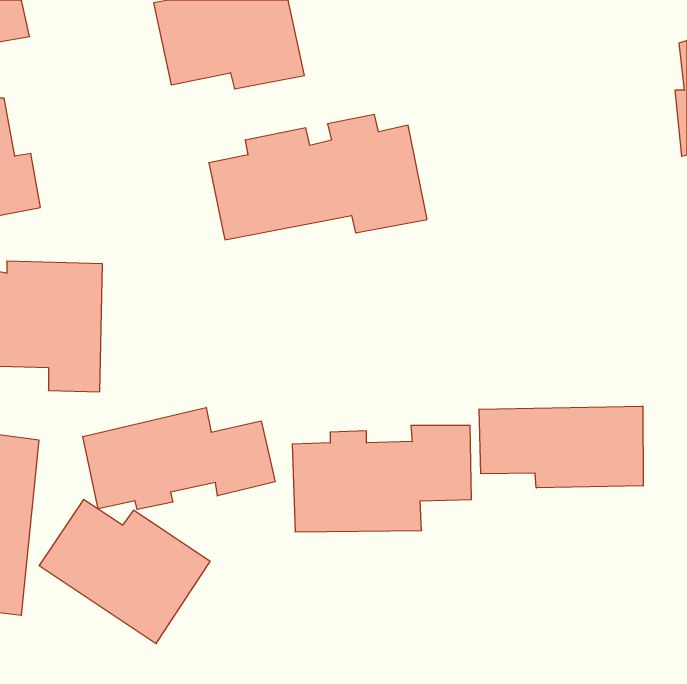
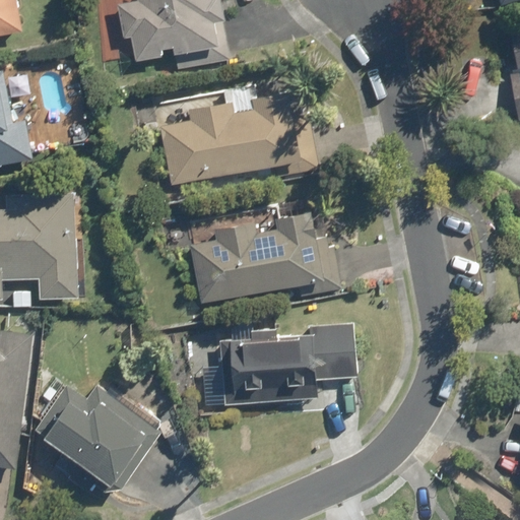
building: none -> [187,206,339,305]
building: [479,406,643,488] -> none
building: [83,407,275,510] -> none

